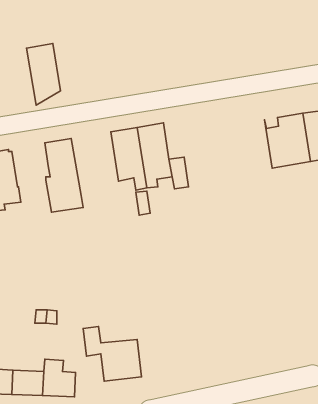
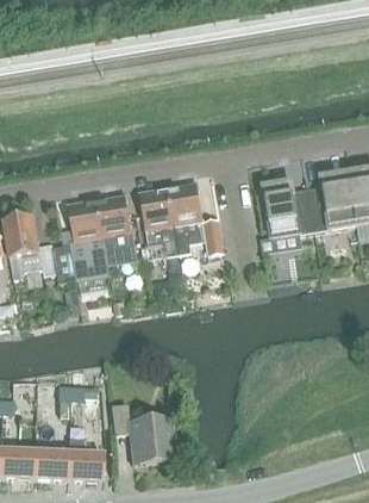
building: [26,44,60,105] -> [98,194,135,261]
building: none -> [264,179,315,238]
building: none -> [39,242,76,282]

